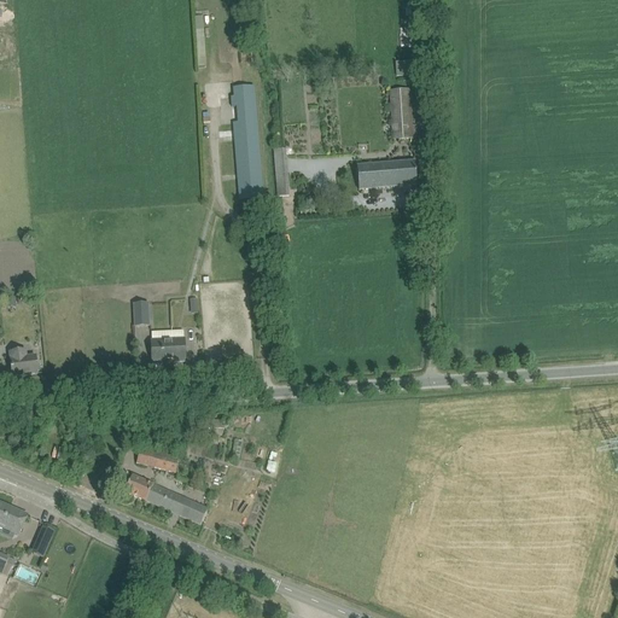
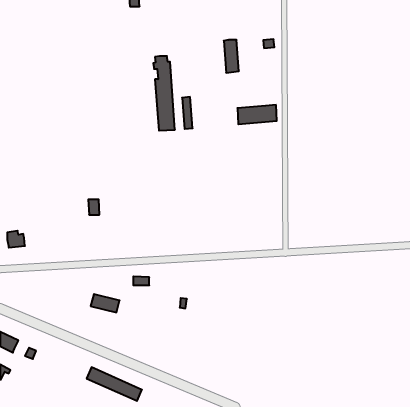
building: [389,88,412,138] -> [224,40,239,73]
building: [151,328,185,358] -> none
building: [124,472,208,523] -> [87,367,142,401]

